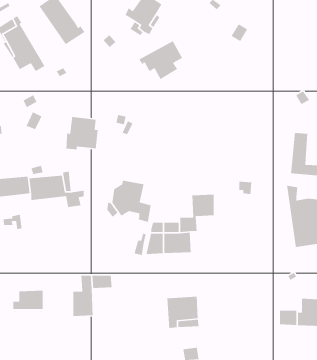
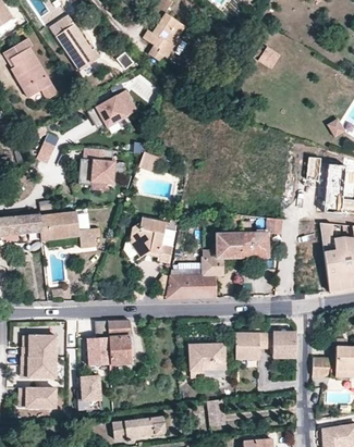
building: [138,40,183,80] -> [87,90,136,134]
building: none -> [241,232,267,256]
building: none -> [234,327,296,356]
building: none -> [108,334,132,364]
building: none -> [21,358,54,378]
building: none -> [77,375,100,399]
building: none -> [17,388,54,408]

